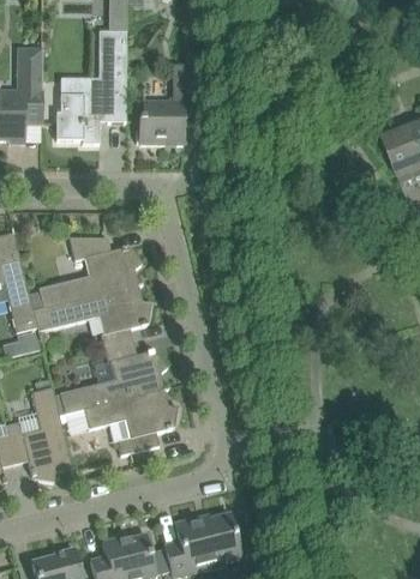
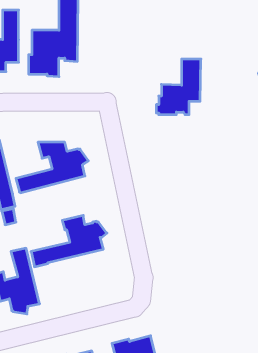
building: [136,65,199,144] -> [156,59,201,115]
building: [32,285,151,349] -> none
building: [83,390,176,456] -> none

